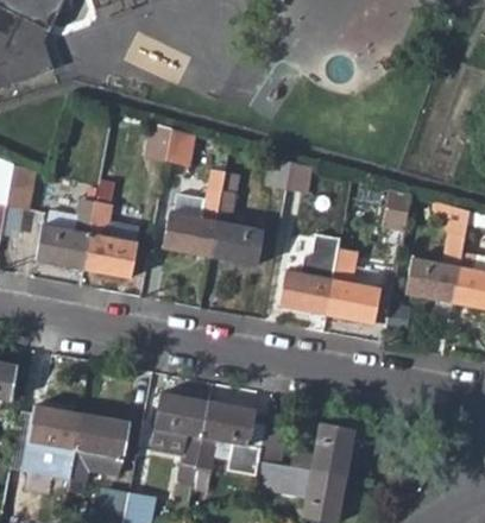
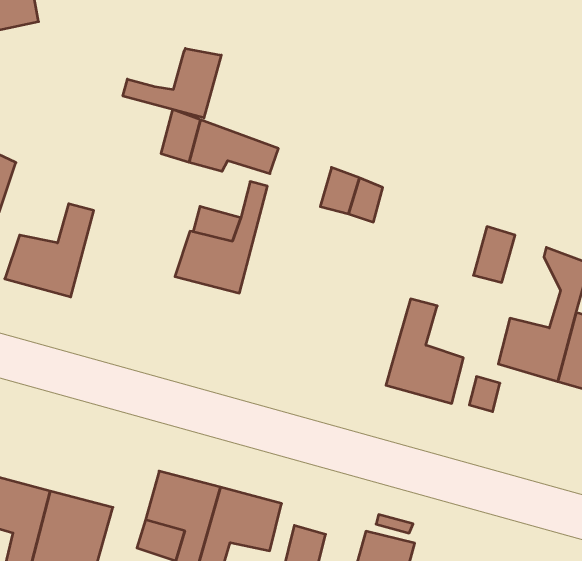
building: none -> [123,48,221,118]
building: [210,175,263,264] -> none
building: [86,203,137,278] -> none
building: [279,233,340,315] -> none

